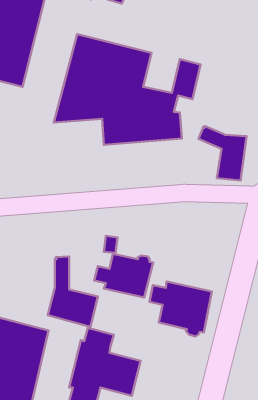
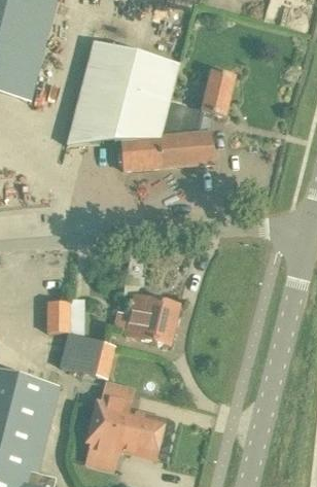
building: [199,126,246,181] -> none
building: none -> [47,302,68,333]
building: [149,281,212,337] -> none

